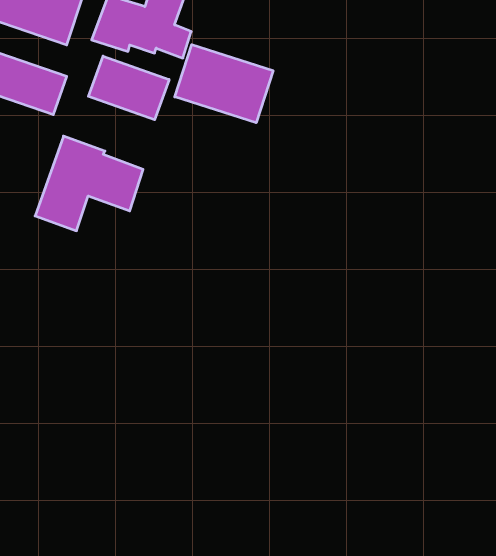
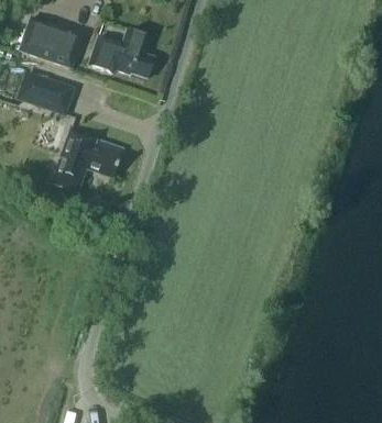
building: [175,45,273,123] -> none
building: [88,56,169,120] -> none

